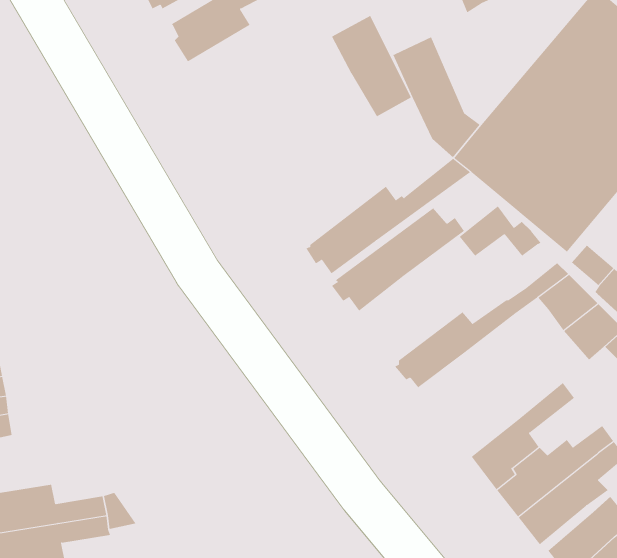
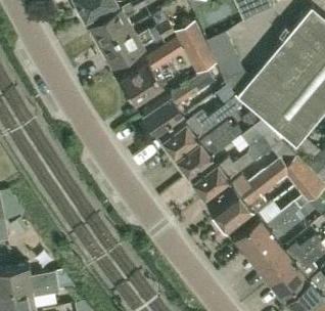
building: none -> [99,21,175,65]
building: none -> [122,40,184,103]
building: none -> [143,72,215,135]
building: none -> [193,153,253,199]
building: none -> [219,178,275,233]
building: none -> [235,202,300,253]

